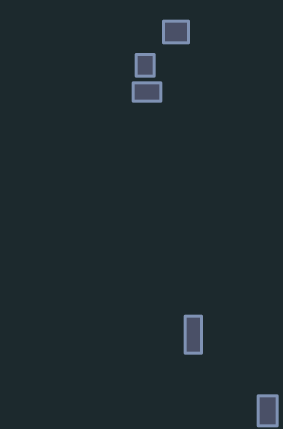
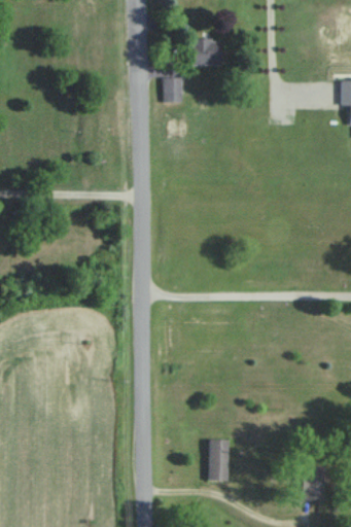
building: [133,83,161,101] -> none
building: [185,316,201,353] -> [209,438,227,481]

